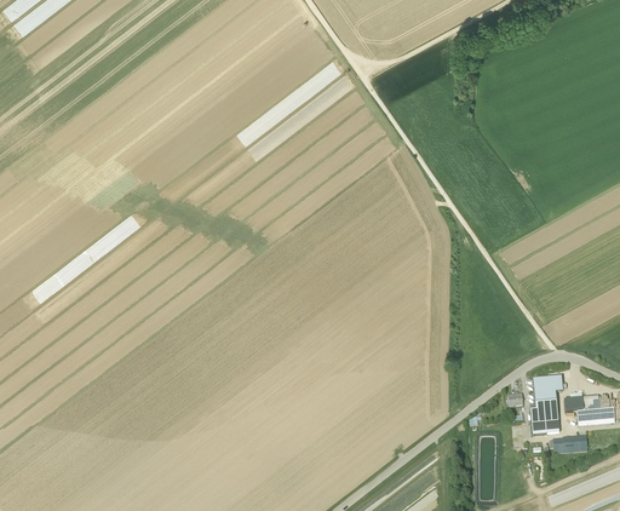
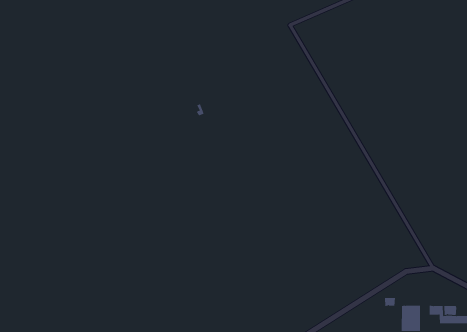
building: [533,377,563,402] -> none

